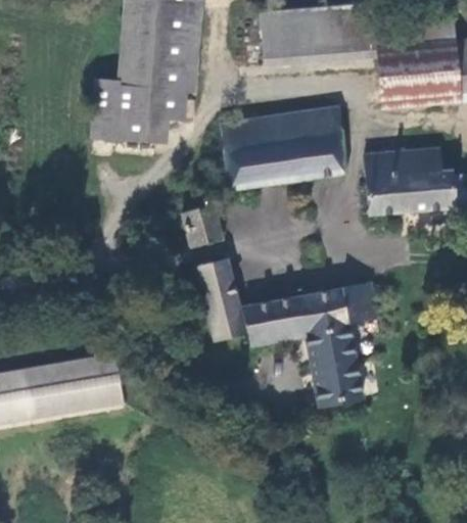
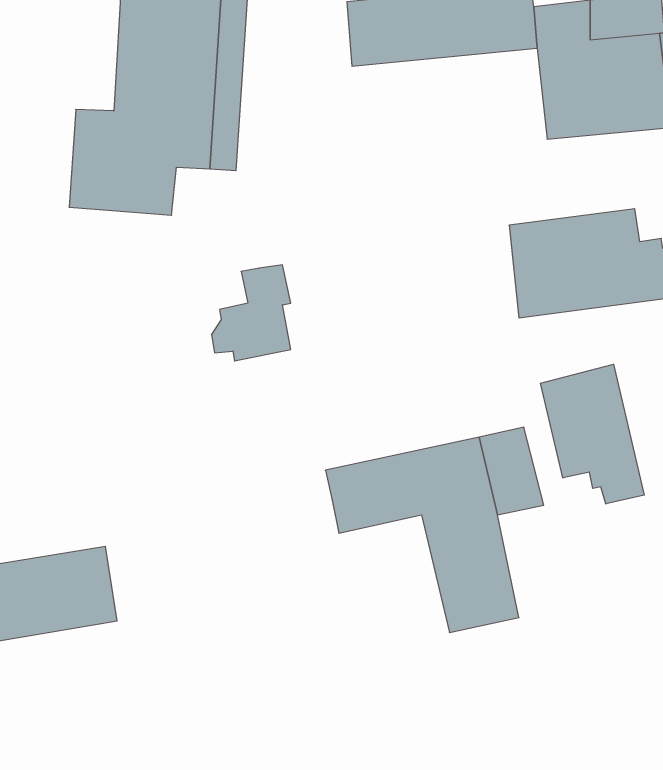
building: [225,106,345,186] -> none
building: none -> [541,364,644,504]
building: [195,259,244,340] -> none

